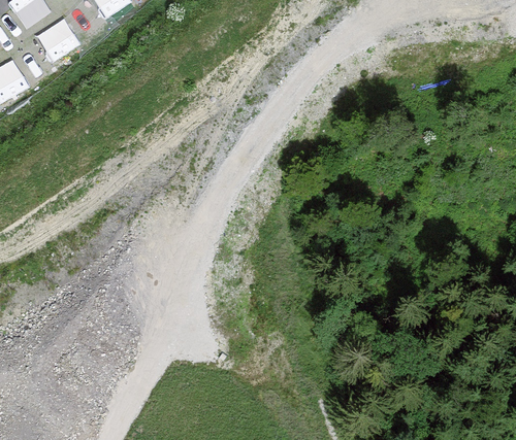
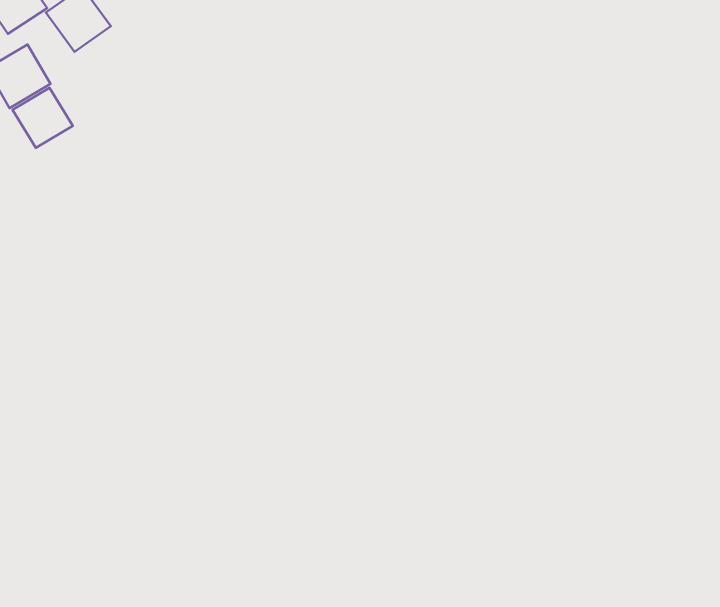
building: none -> [13,88,73,148]

